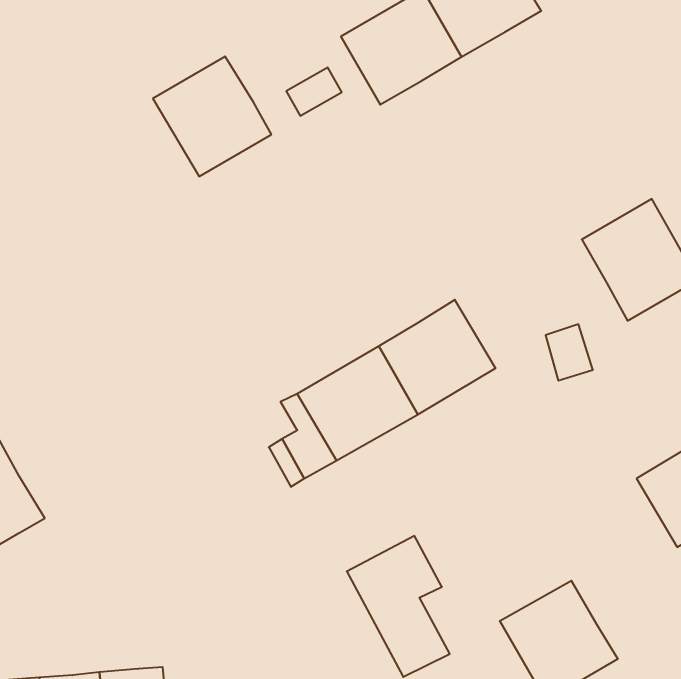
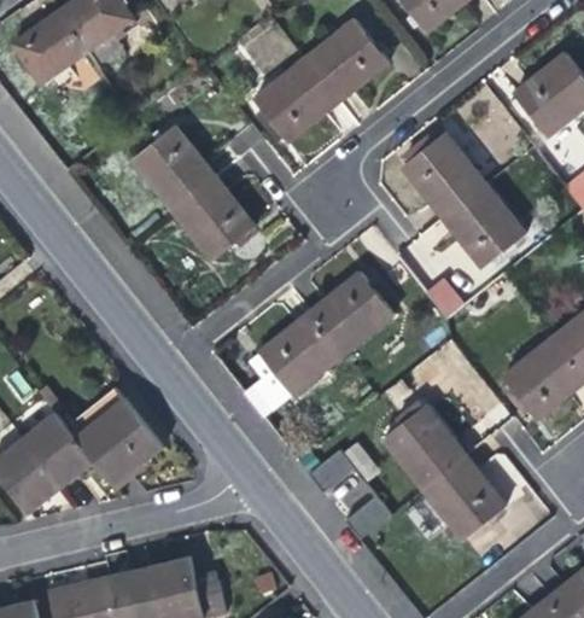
building: none -> [401,130,485,216]
building: none -> [169,174,256,262]
building: none -> [74,396,167,488]
building: none -> [382,404,467,489]

